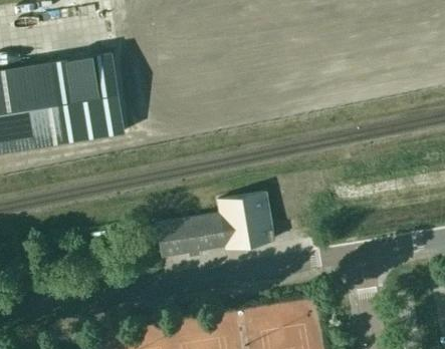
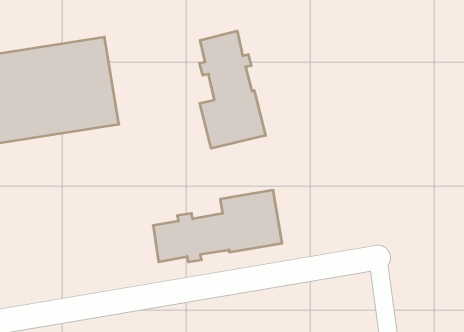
building: none -> [200,31,266,148]

